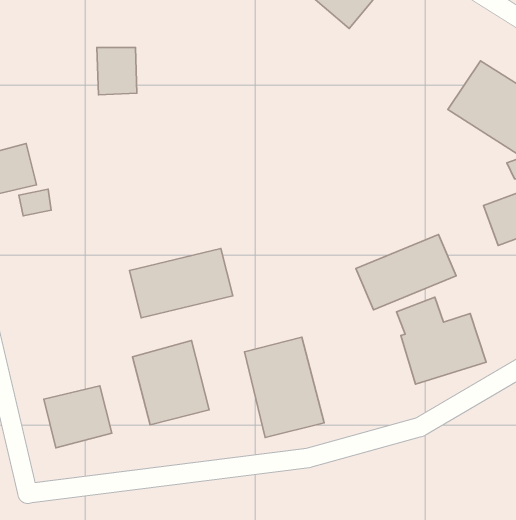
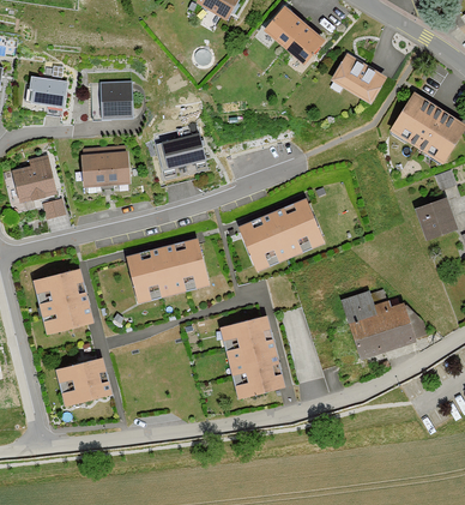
building: none -> [331,53,388,104]
building: none -> [29,74,68,108]
building: none -> [157,132,206,170]
building: none -> [80,150,131,186]
building: [356,235,456,310] -> [240,202,321,263]
building: [132,341,209,425] -> [31,265,93,333]

